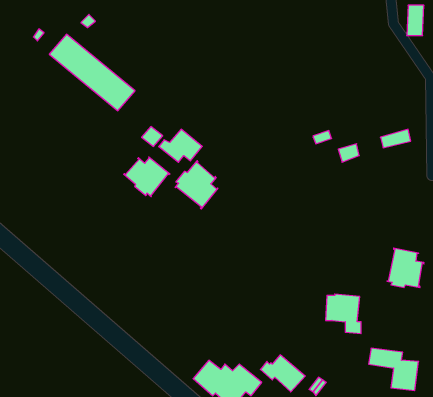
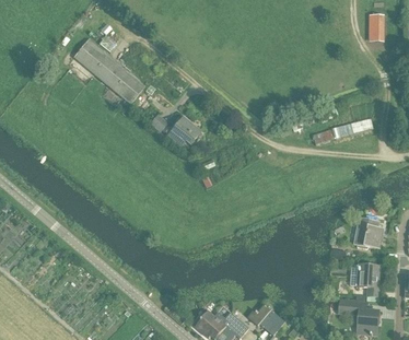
building: [124,157,170,197] -> none
building: [175,161,218,209] -> none
building: [326,294,361,334] -> [351,262,381,295]

